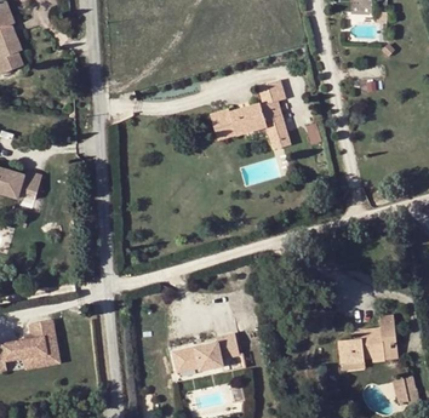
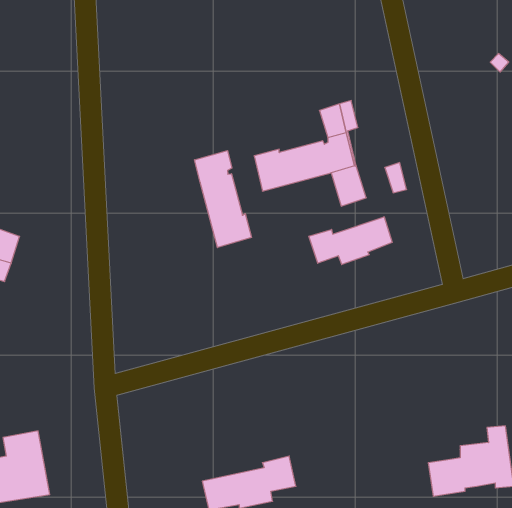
building: none -> [195,151,252,248]
building: none -> [309,217,392,265]

